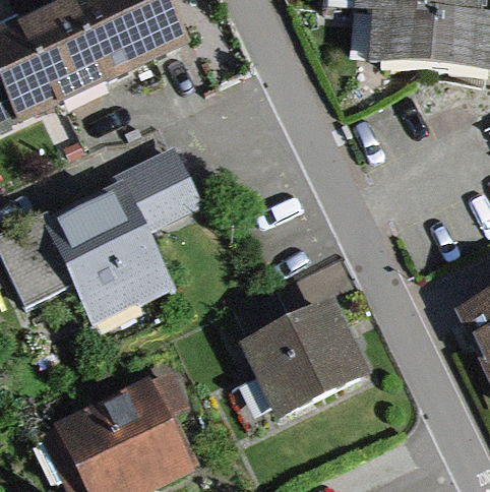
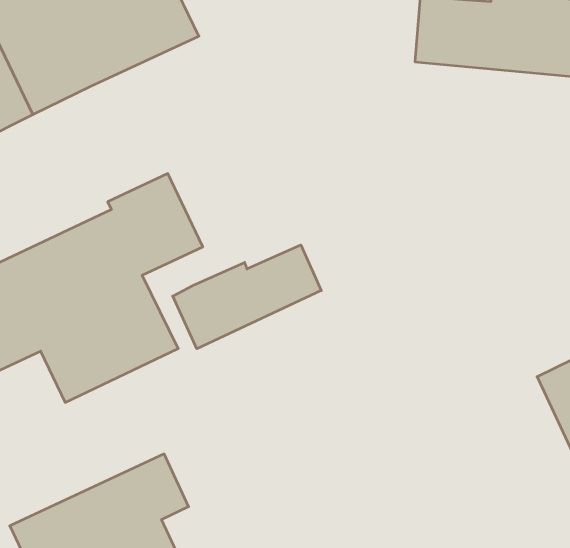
building: none -> [173,245,321,349]
building: [241,294,377,423] -> none

